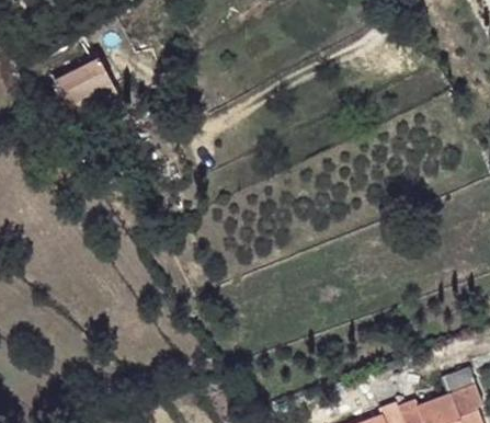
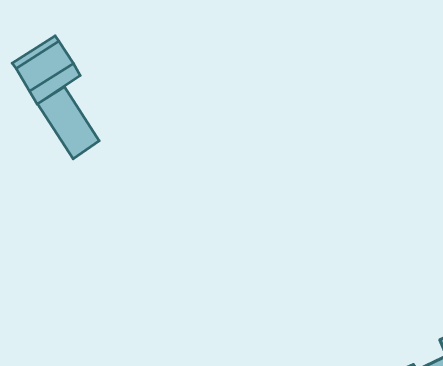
building: none -> [37,87,99,159]

